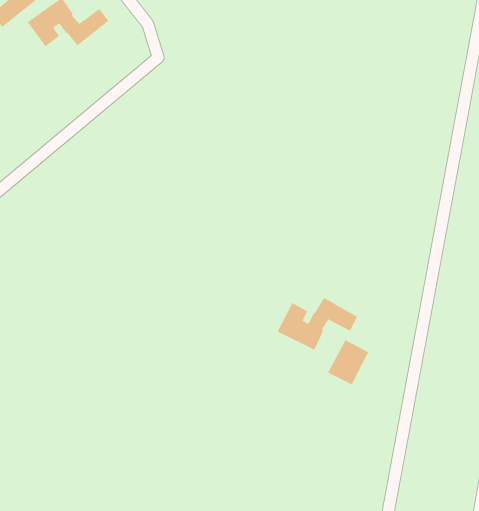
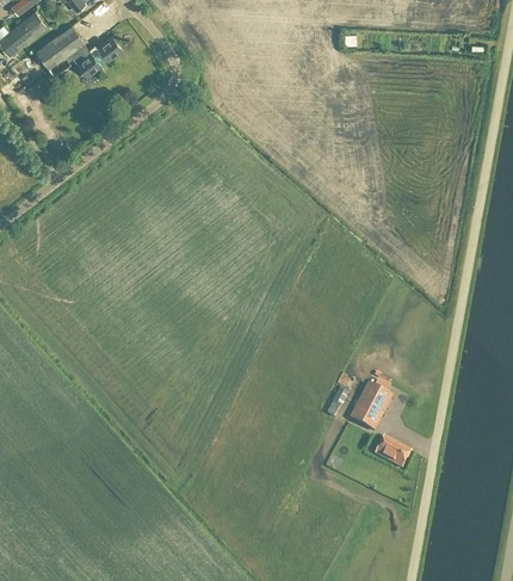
building: [277,297,358,351] -> none
building: none -> [375,435,410,466]

